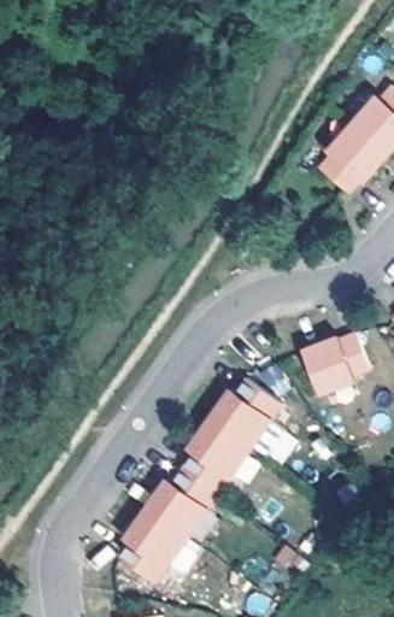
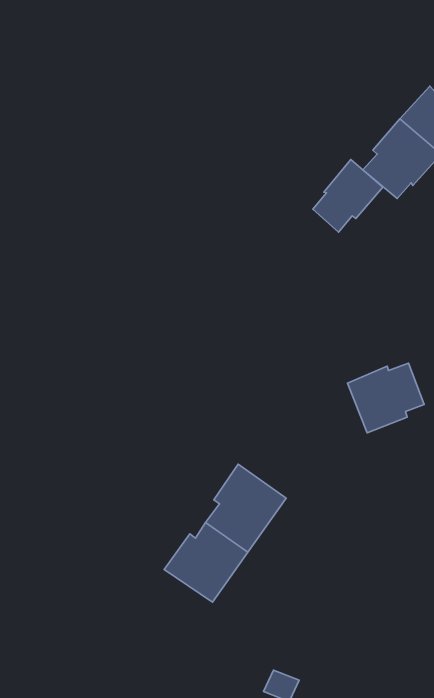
building: none -> [313,160,383,232]
building: [212,376,284,446] -> none
building: [124,506,190,578] -> none

